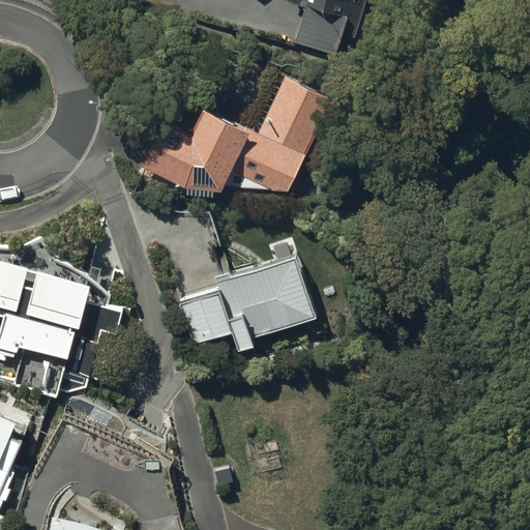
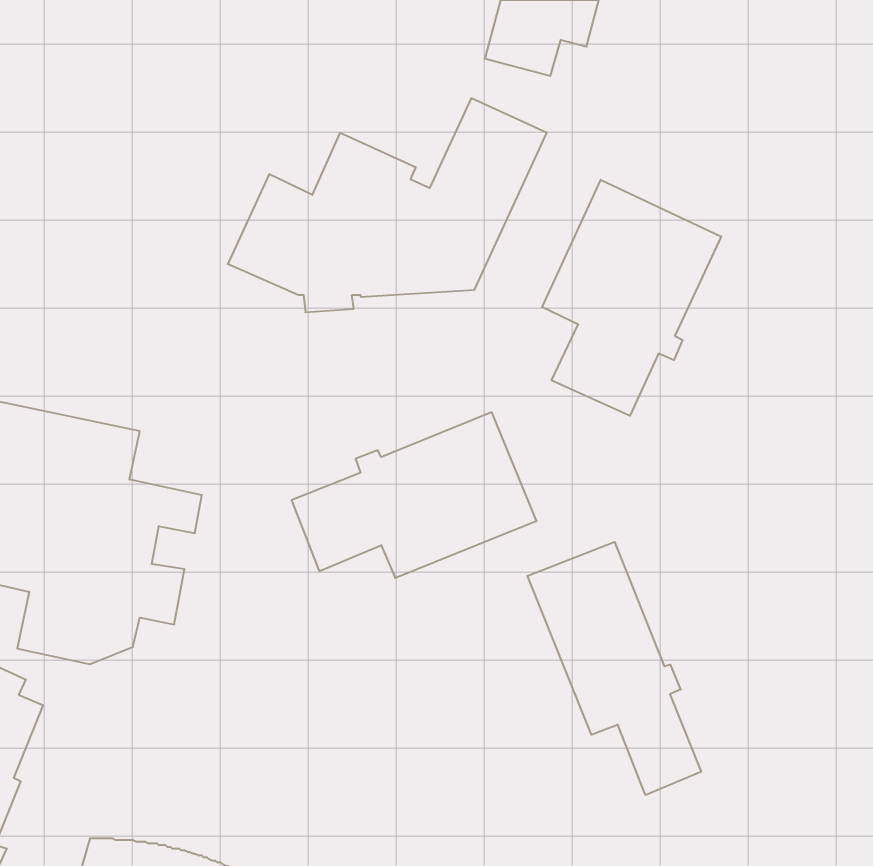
building: none -> [542,180,721,416]
building: none -> [527,542,701,795]

